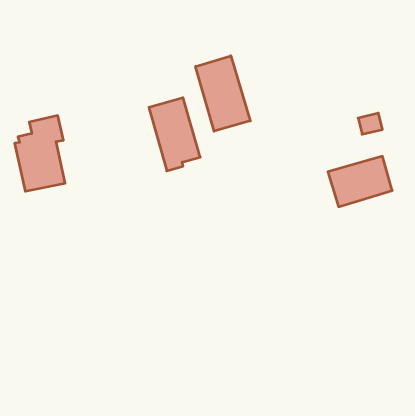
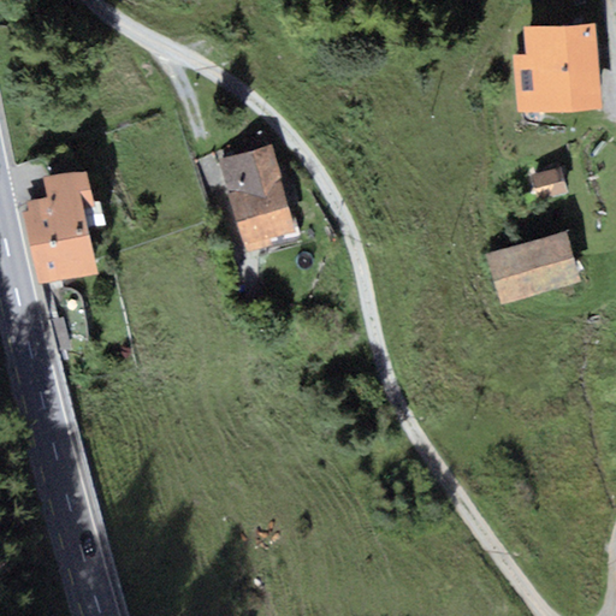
building: none -> [513,20,603,114]
building: [196,56,250,131] -> none

